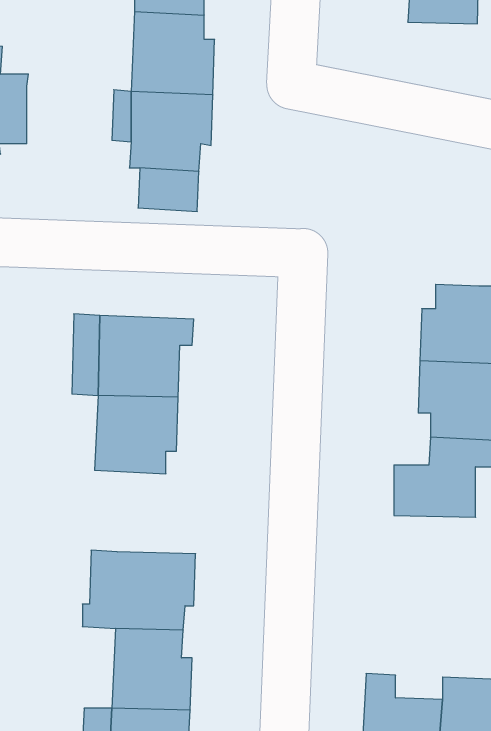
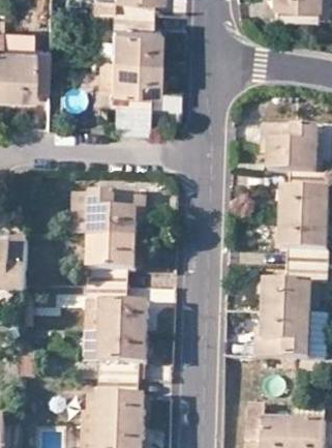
building: none -> [263,126,319,176]
building: none -> [87,286,149,335]
building: none -> [254,312,314,361]

